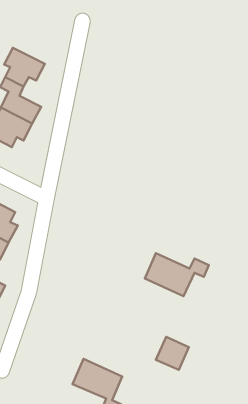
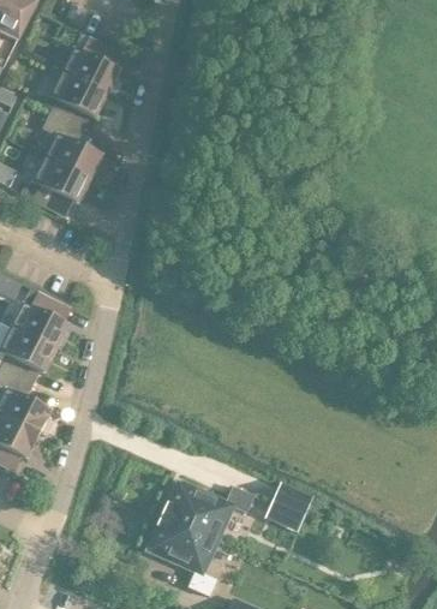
building: none -> [60,36,118,94]
building: [145,253,209,296] -> [161,478,252,539]

